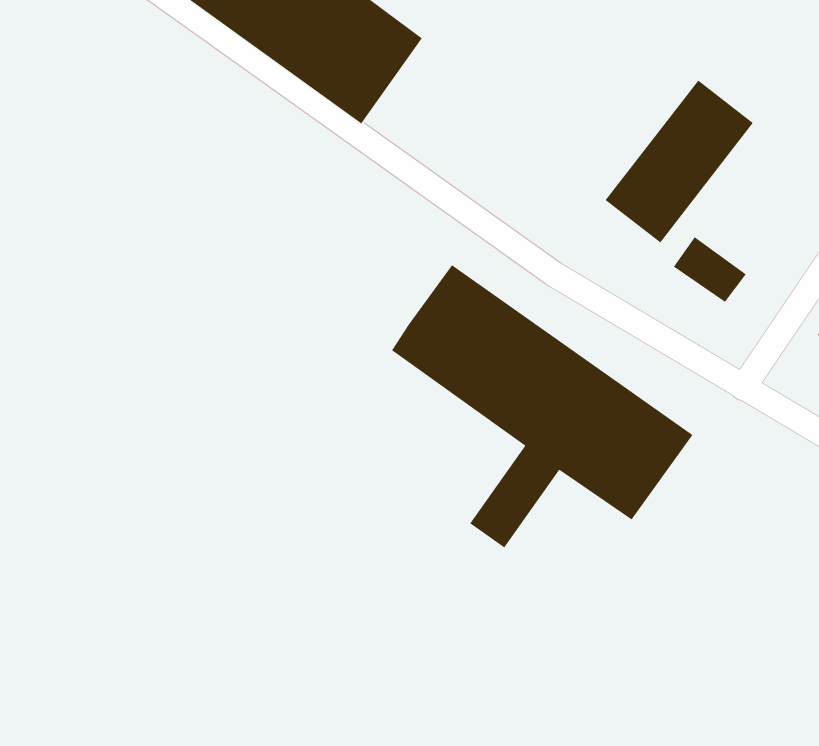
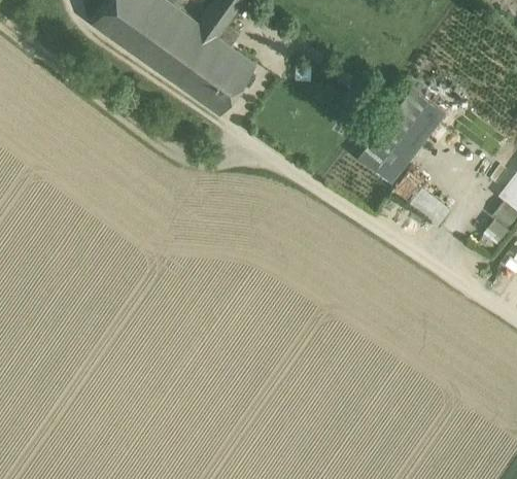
building: [390,264,694,549] -> none

